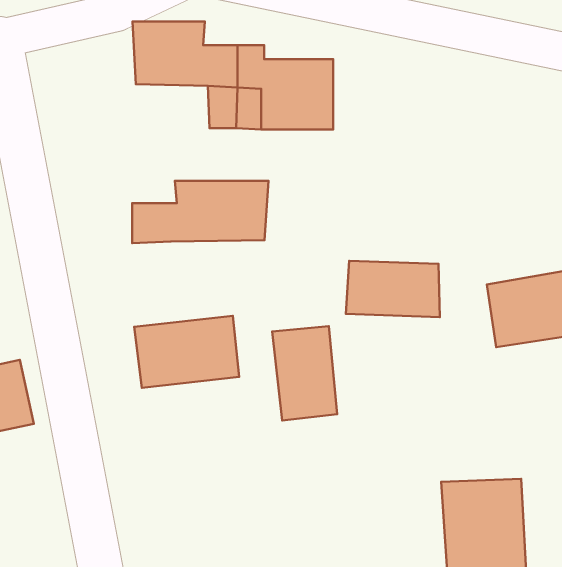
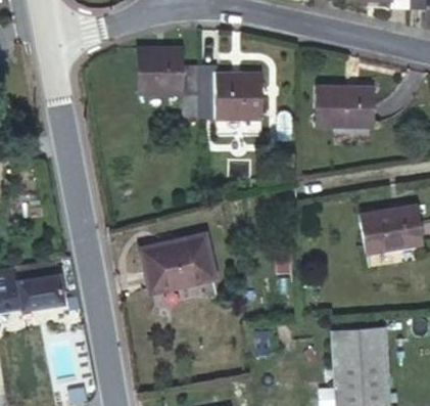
building: [132,181,269,243] -> none
building: [346,261,440,317] -> [319,87,380,124]
building: [272,326,337,421] -> none

